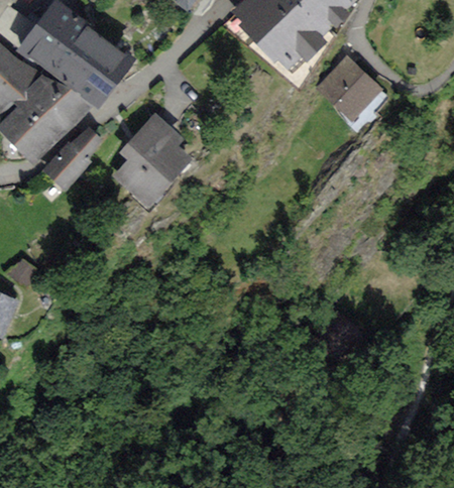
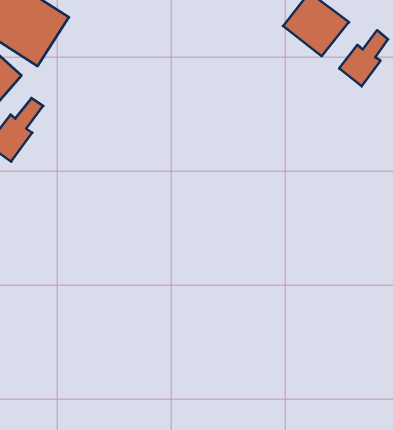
building: none -> [339,30,388,86]
building: [117,116,190,208] -> none

